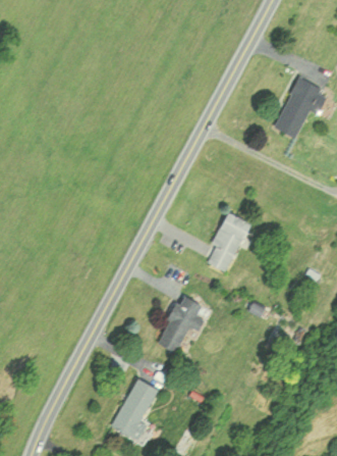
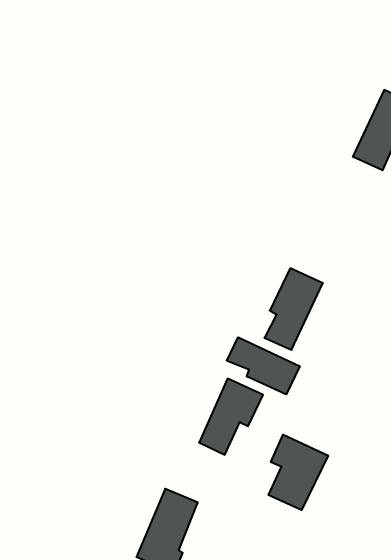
building: none -> [227,337,300,394]
building: none -> [268,435,328,510]

